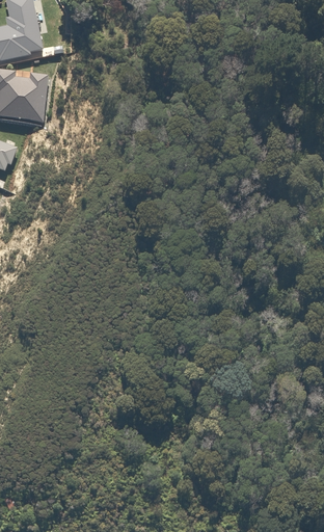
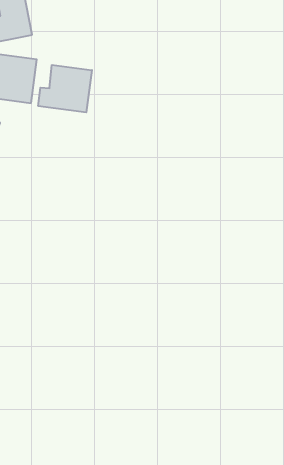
building: none -> [38,65,92,112]

